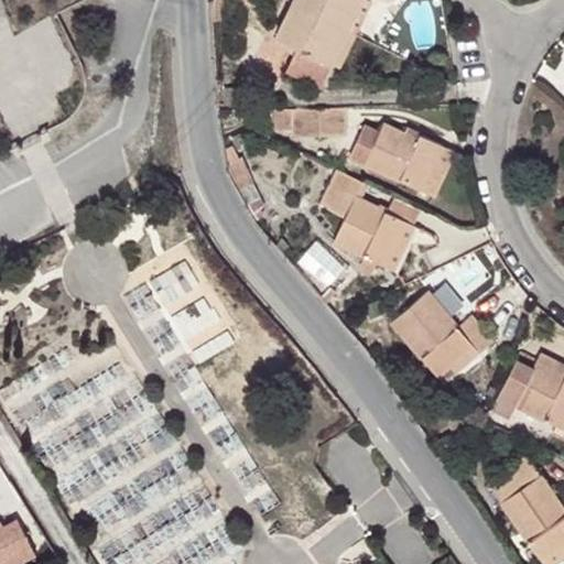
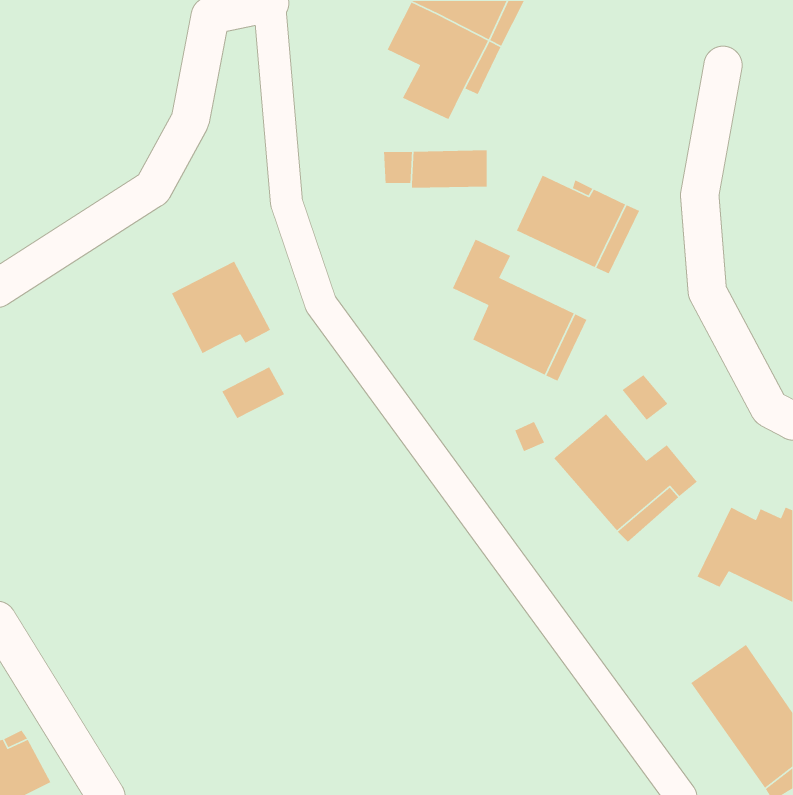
building: none -> [171,260,271,354]

